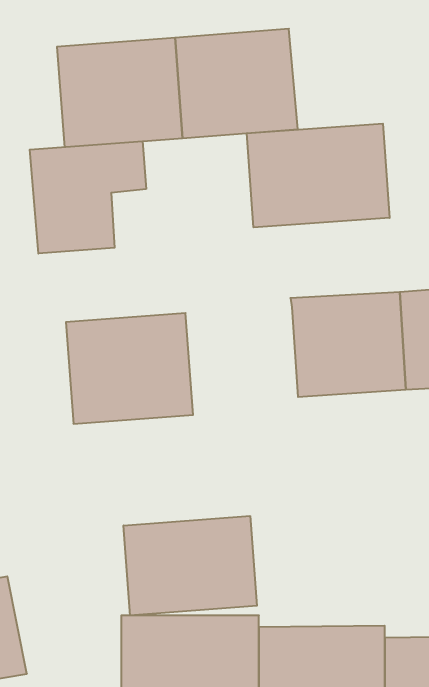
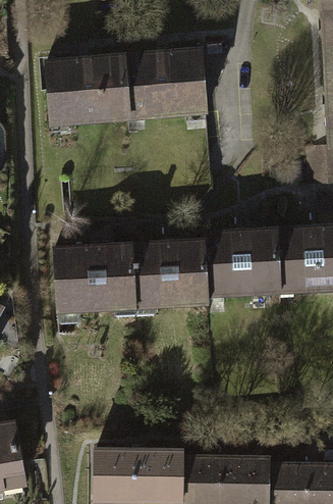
building: [247,124,390,227] -> none
building: [30,141,146,254] -> none
building: none -> [133,239,210,312]
building: [124,516,257,615] -> none

